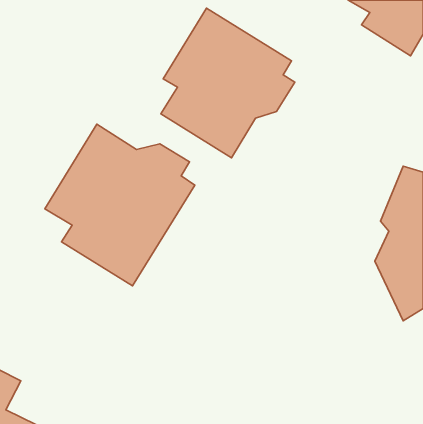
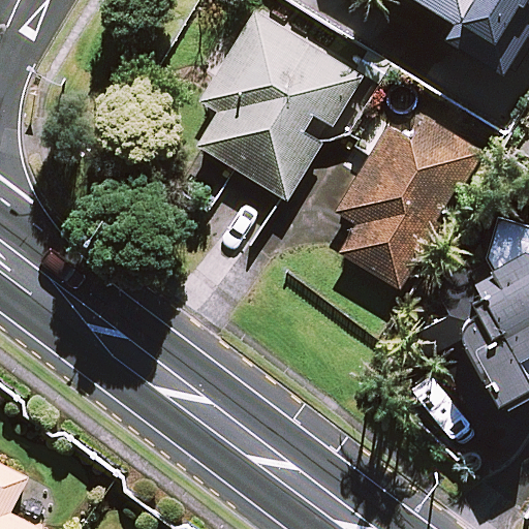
building: none -> [337,116,480,285]
building: [45,124,195,286] -> none

